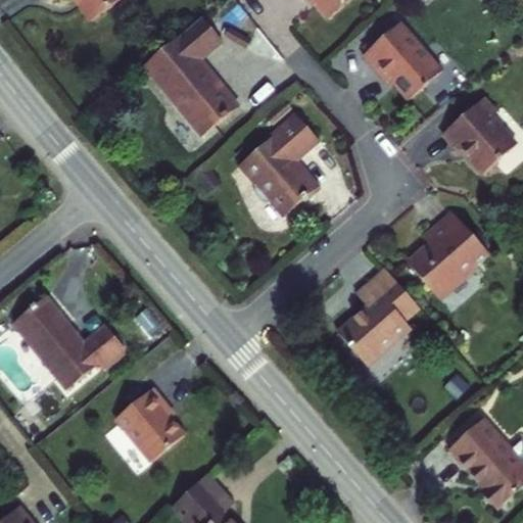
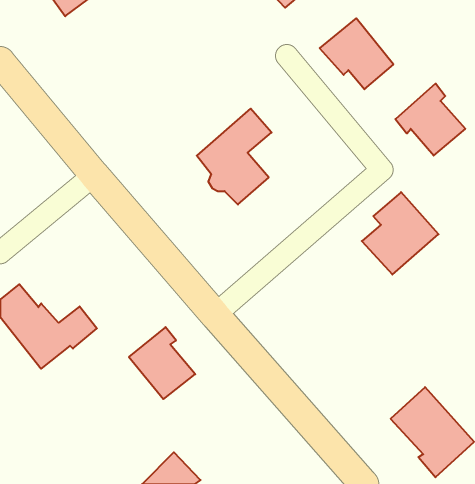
building: [135,13,230,132] -> none
building: [331,262,413,361] -> none
building: [108,393,179,470] -> [129,327,195,399]

